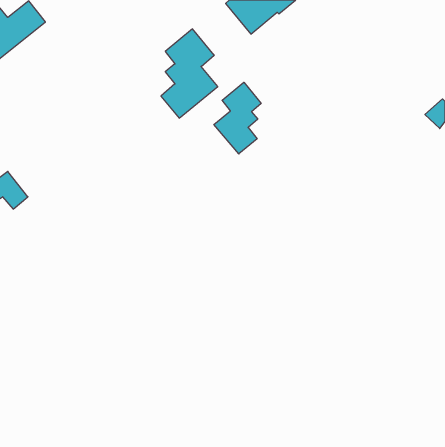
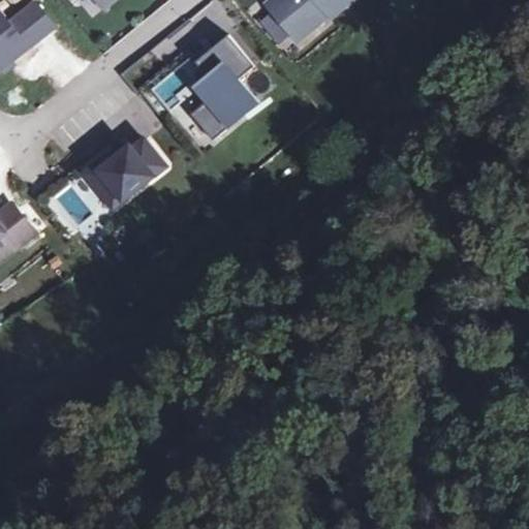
building: [214,82,261,154] -> none
building: none -> [85,138,164,207]

